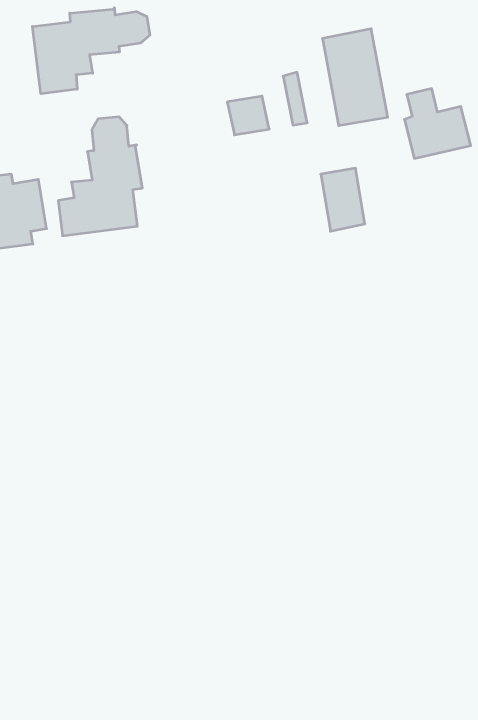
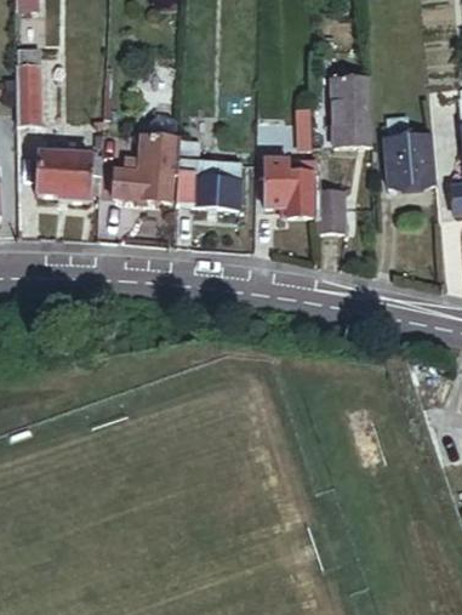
building: [32,8,150,94] -> none
building: none -> [266,156,312,216]
building: none -> [178,141,241,205]

